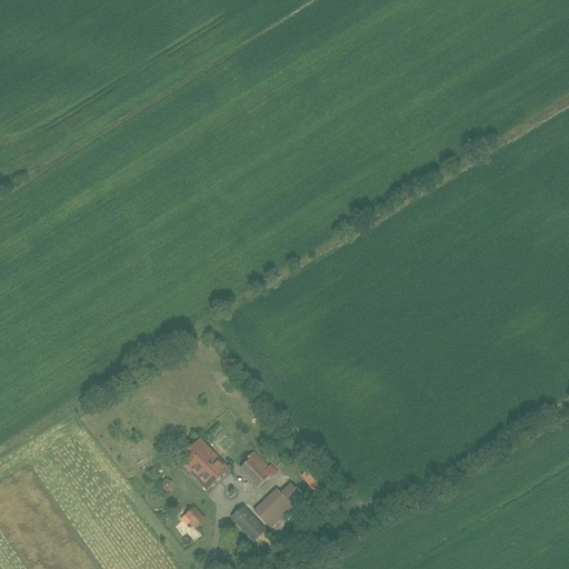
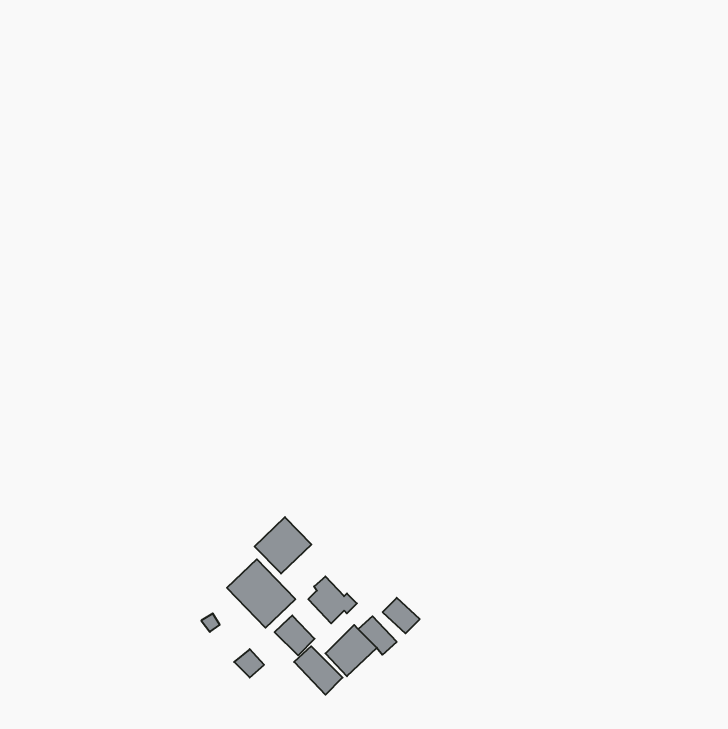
building: none -> [255,517,311,574]
building: none -> [275,615,315,655]

